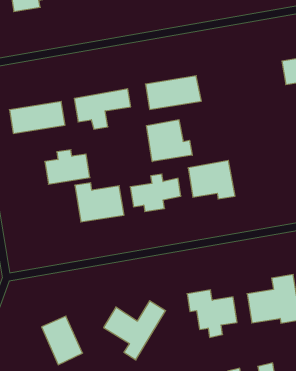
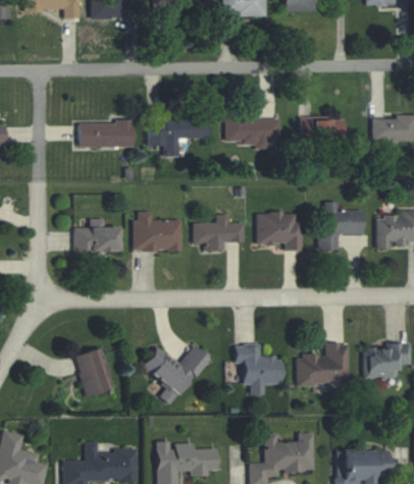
building: none -> [299,118,347,141]
building: [146,120,192,162] -> none
building: none -> [319,203,364,252]
building: [45,150,90,184] -> [74,219,119,252]

